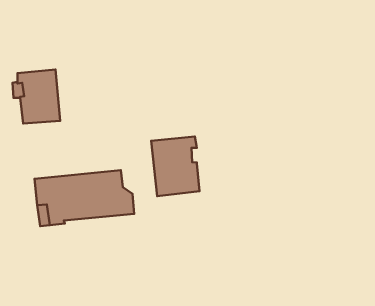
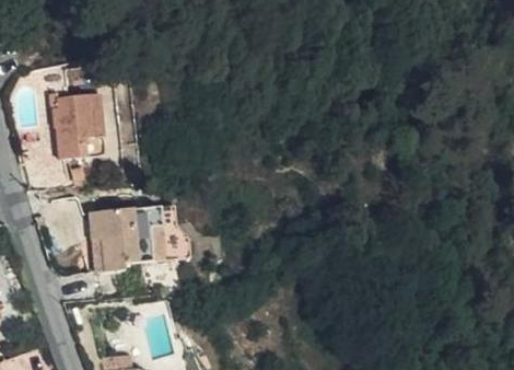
building: [151,137,199,196] -> none

